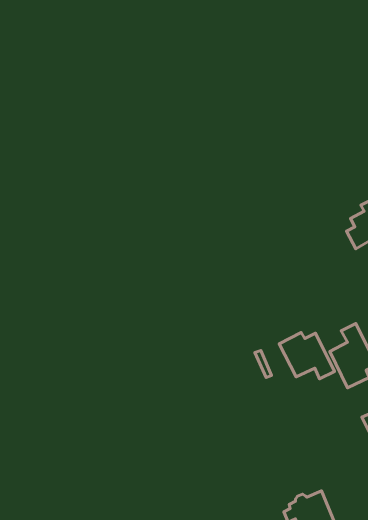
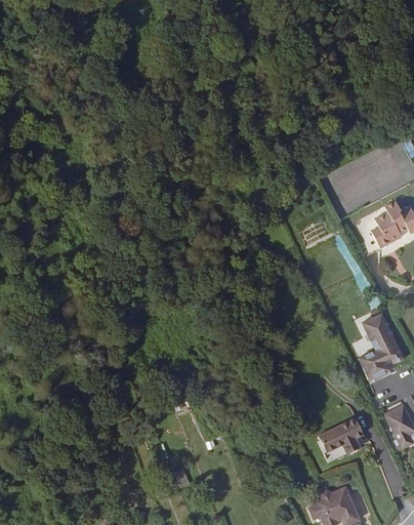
building: [279,332,335,379] -> none
building: none -> [320,415,365,452]

